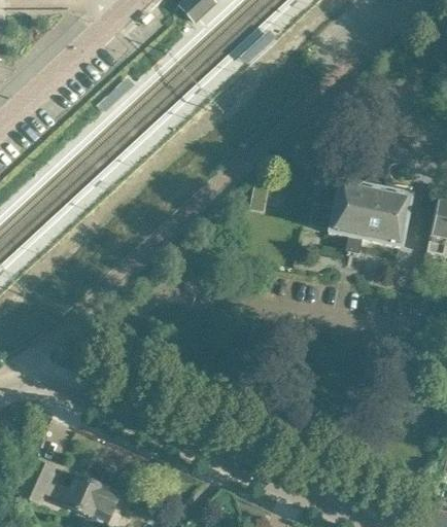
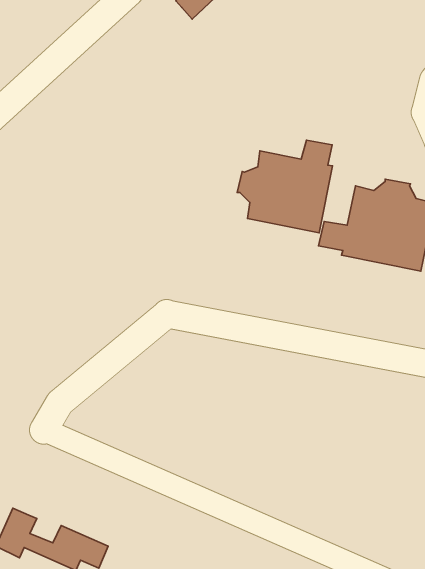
building: none -> [237,140,333,233]

